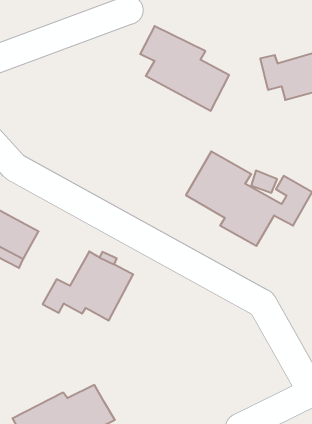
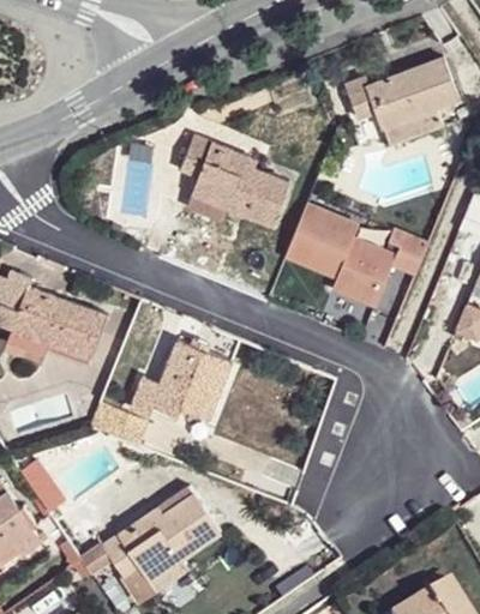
building: [140,26,229,111] -> [175,134,283,227]

